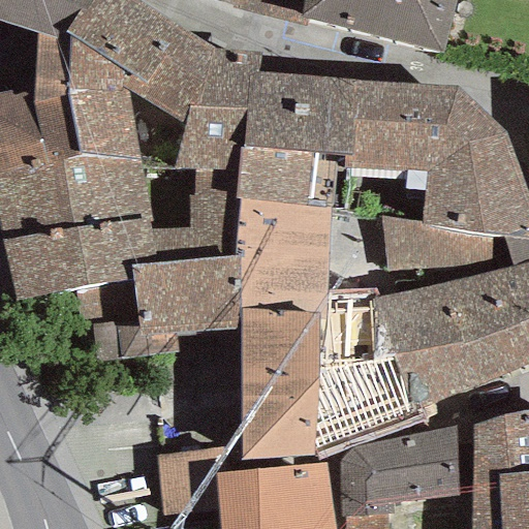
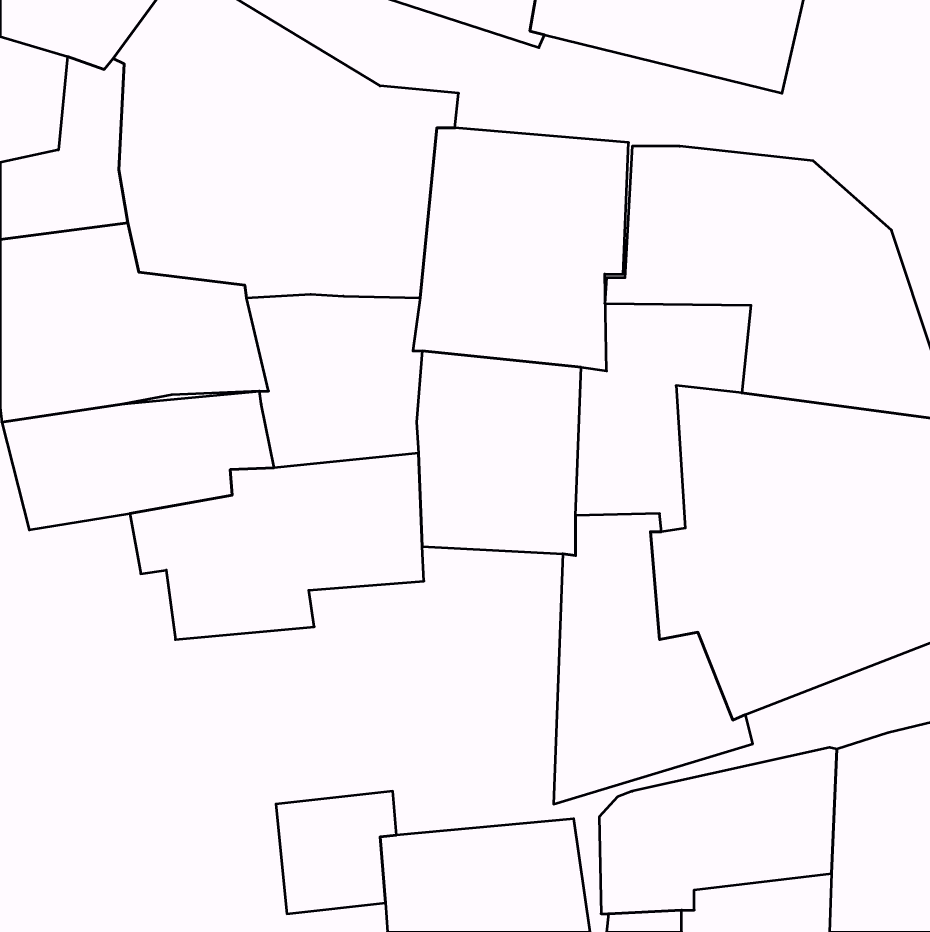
building: [150,167,241,264] -> none
building: [241,309,320,460] -> none

